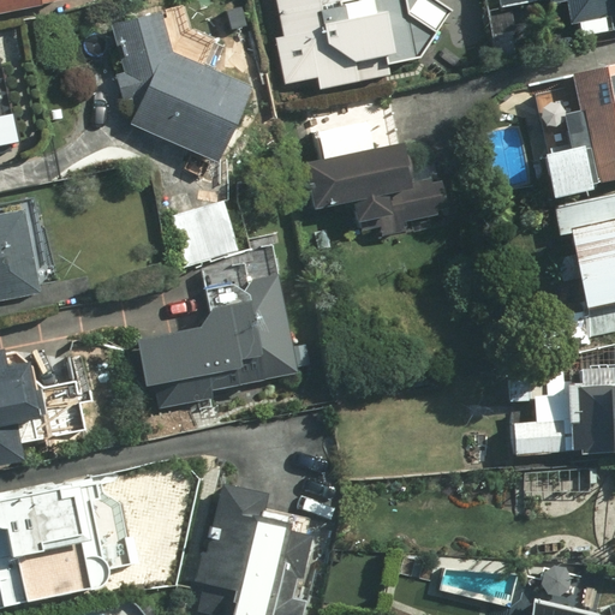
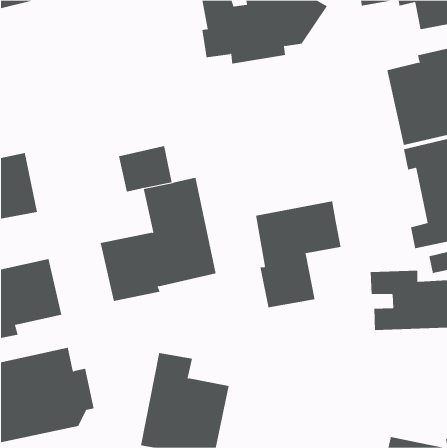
building: [115,7,252,166] -> none
building: [301,123,450,234] -> none
building: none -> [255,201,341,308]

